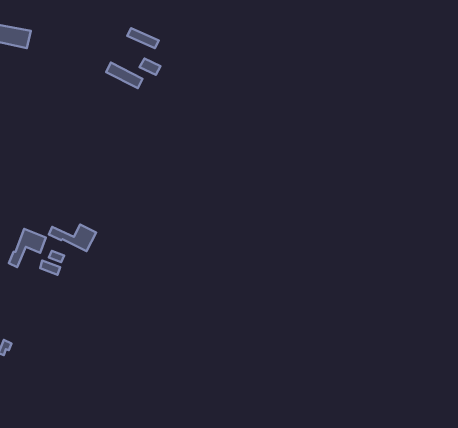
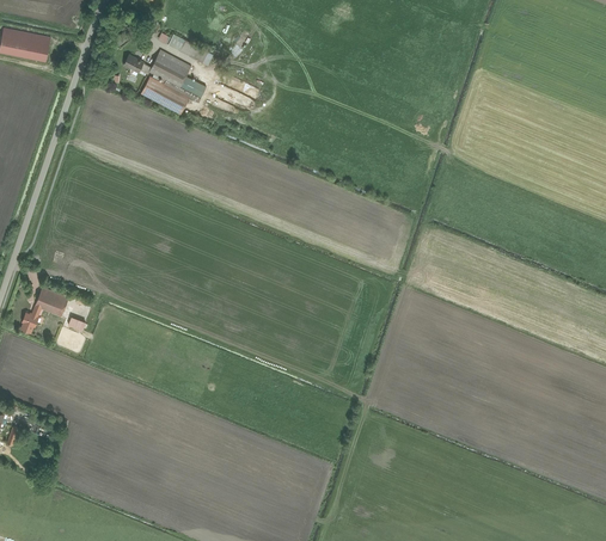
building: none -> [121,51,190,86]
building: [49,224,96,251] -> none

